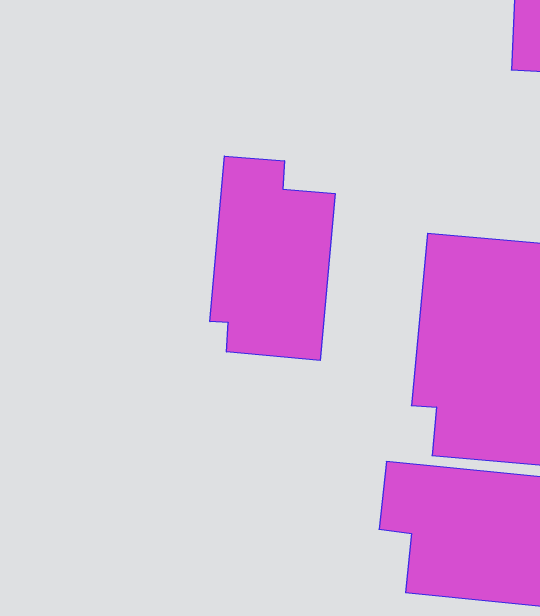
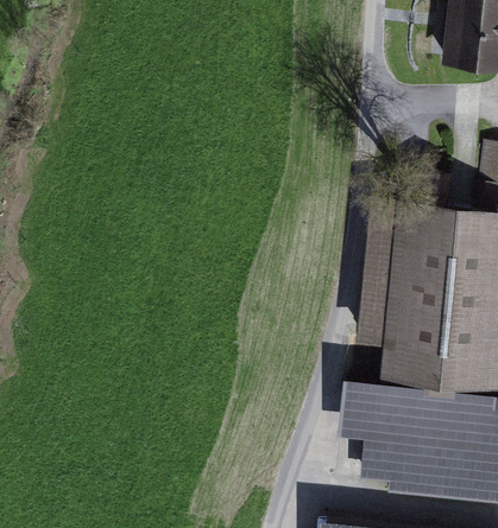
building: [210,156,335,360] -> none

